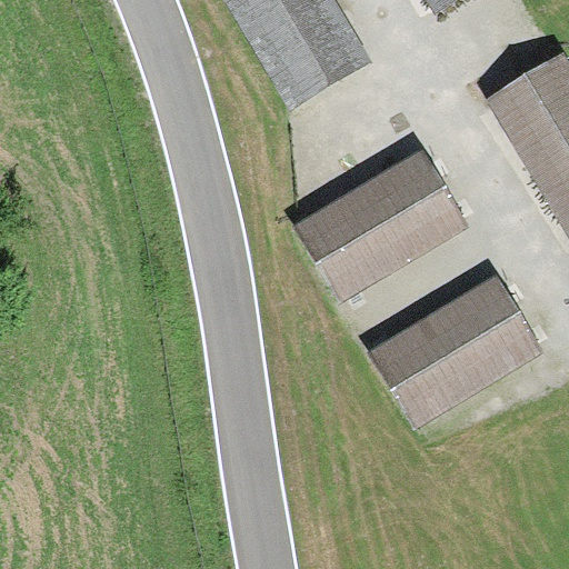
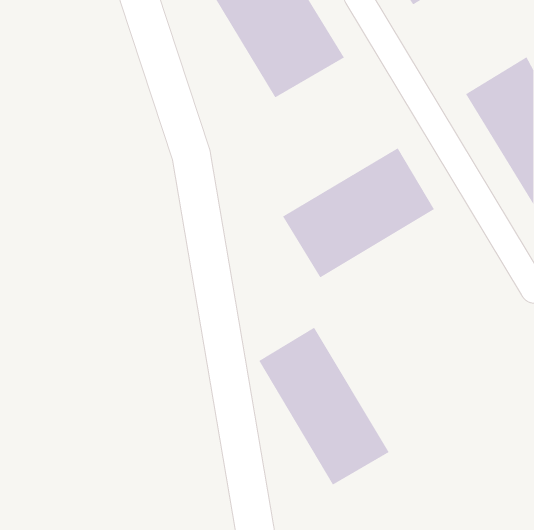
building: [376,281,538,421] -> none
building: none -> [258,327,390,486]

